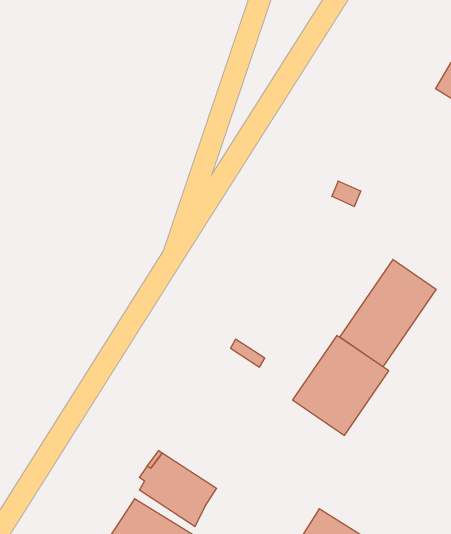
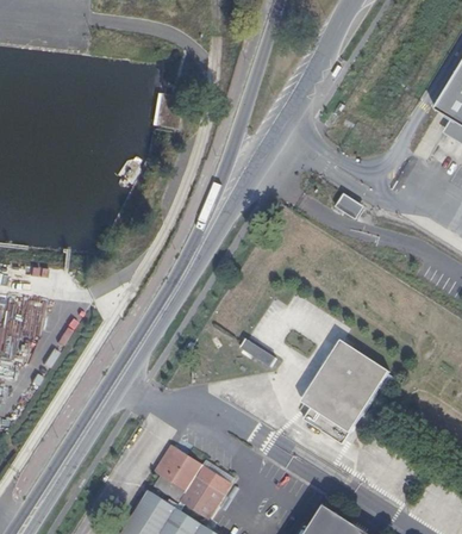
building: [340,259,436,367] -> none

